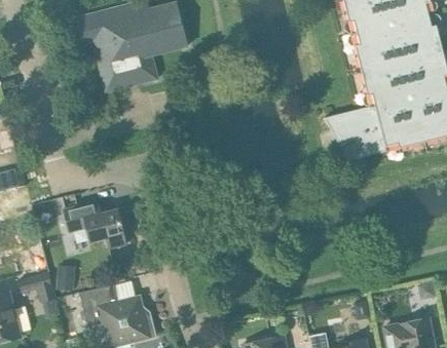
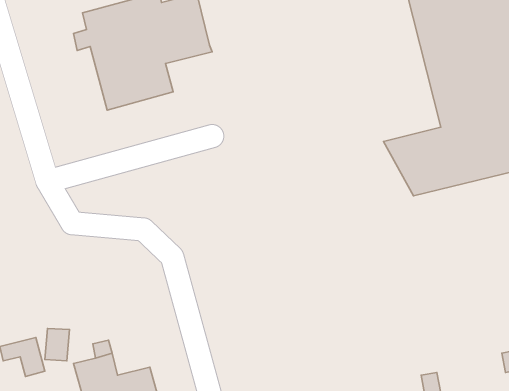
building: [63,201,126,248] -> none

